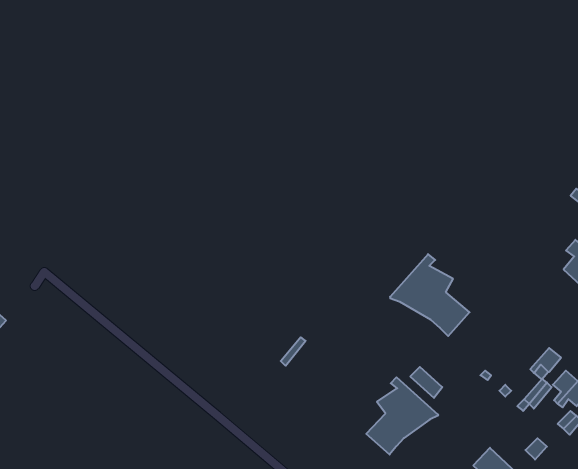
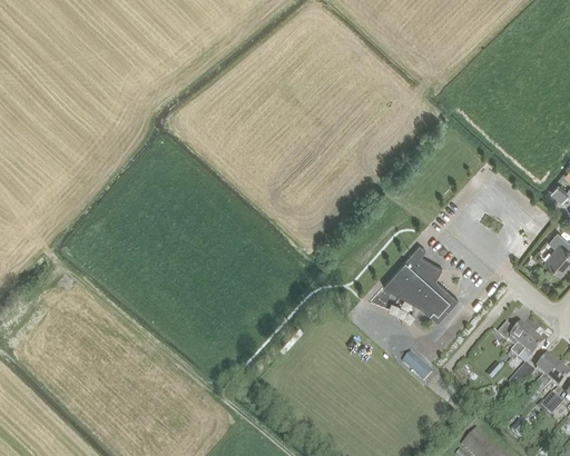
building: none -> [498,320,533,353]
building: [366,377,438,455] -> none

